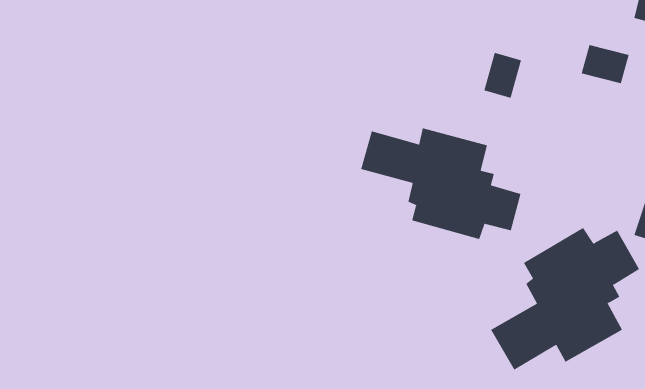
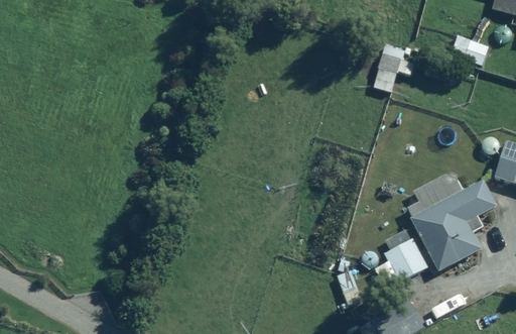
building: [361,128,521,240] -> none

